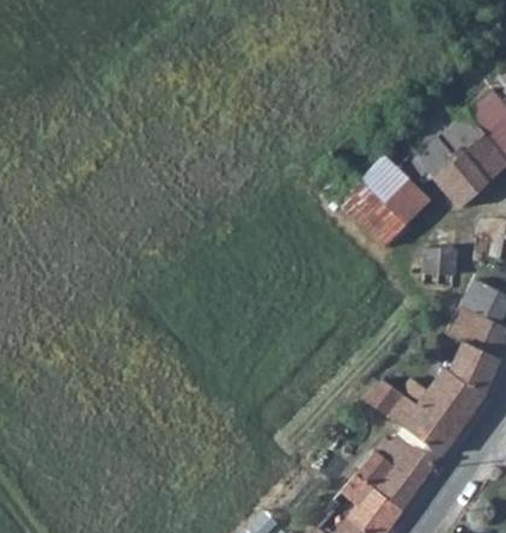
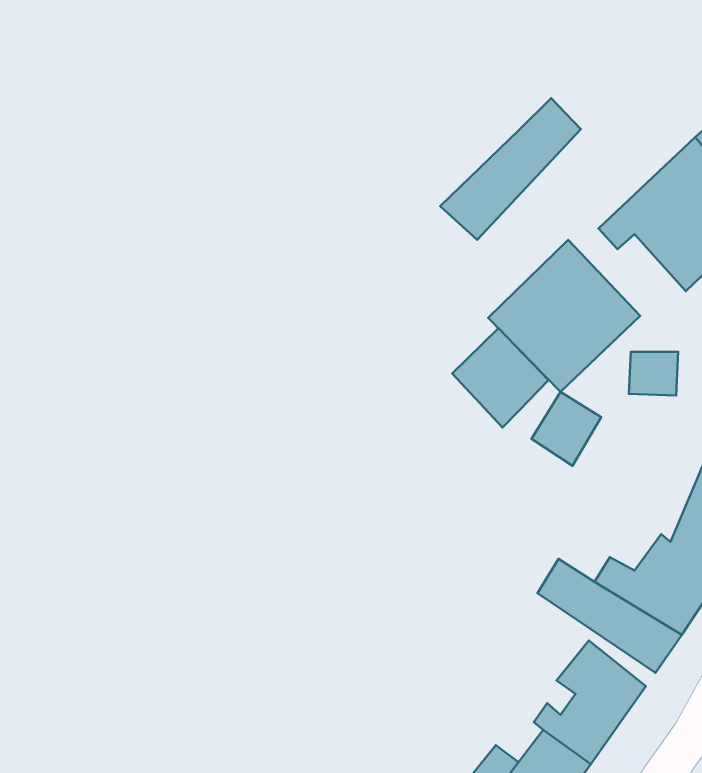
building: none -> [440,98,581,240]
building: none -> [452,328,549,428]
building: none -> [531,392,601,466]

